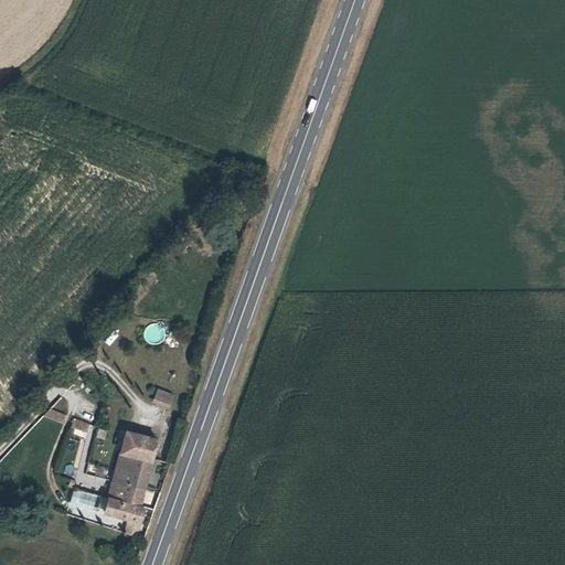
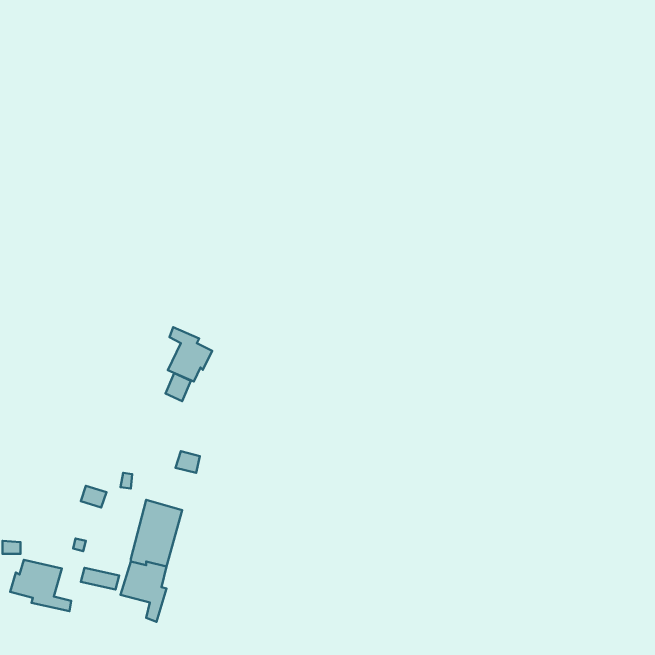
building: none -> [168,327,212,381]
building: none -> [10,560,71,611]

